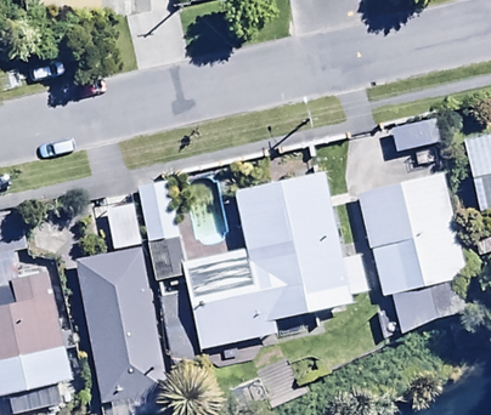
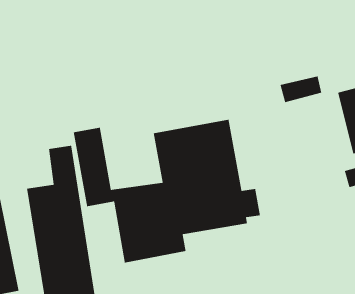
building: [357,172,473,328] -> none

